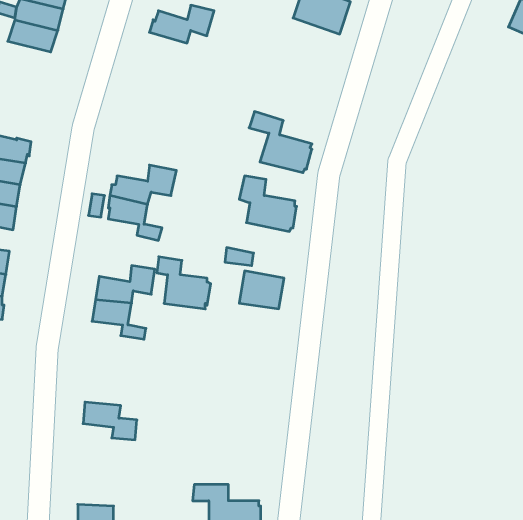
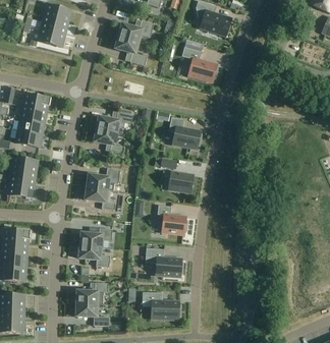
building: none -> [115,35,147,64]
building: [249,112,312,173] -> [181,46,217,80]
building: [157,257,211,309] -> [157,204,187,233]
building: none -> [80,227,112,246]
building: none -> [145,246,182,275]
building: none -> [76,281,108,303]

